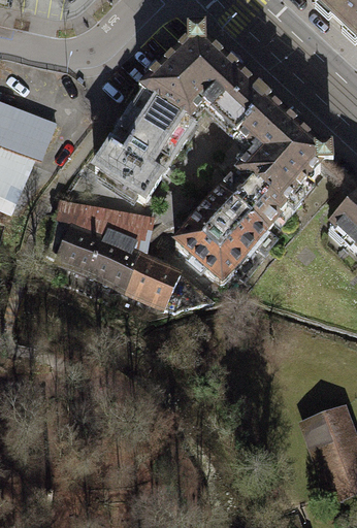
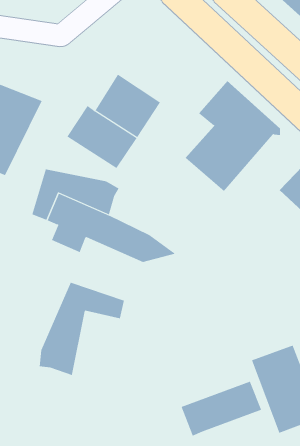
building: [138,26,269,135] -> none
building: [173,187,278,282] -> none
building: none -> [39,282,125,376]
building: none -> [181,381,262,437]

